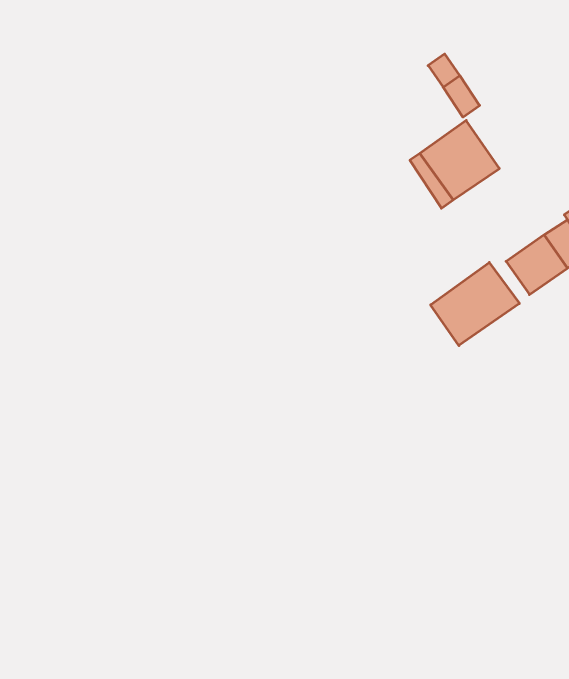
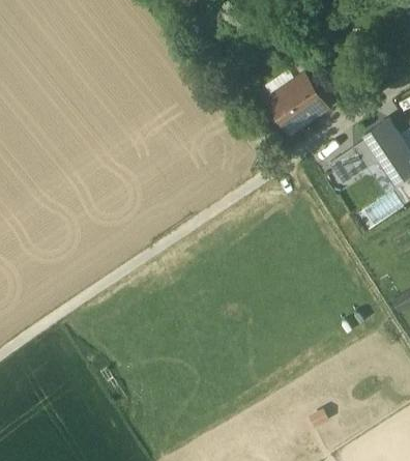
building: [431,262,519,346] -> none

